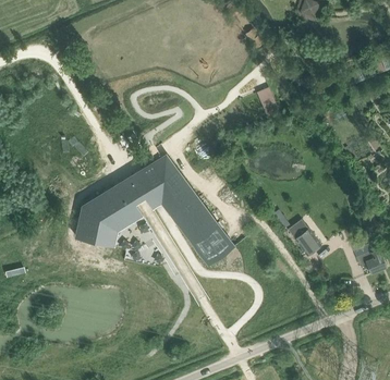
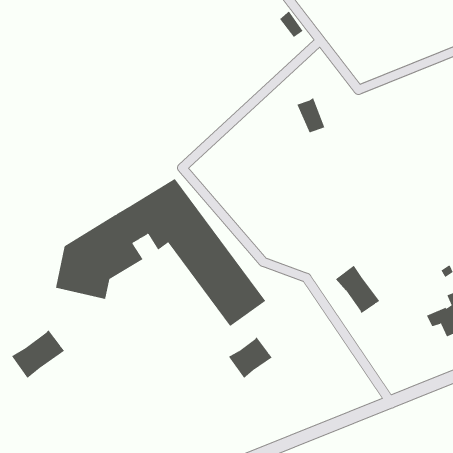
building: none -> [11,329,65,379]
building: none -> [228,337,272,379]

